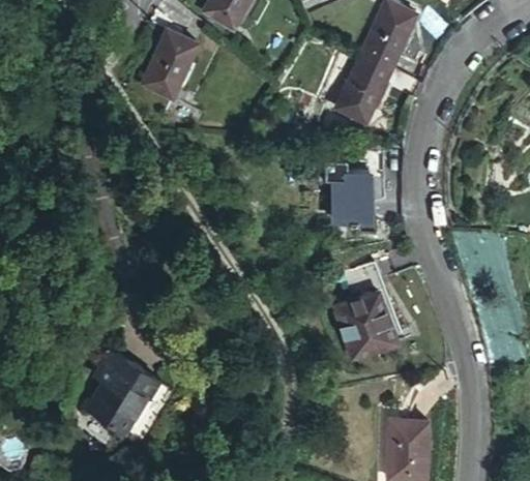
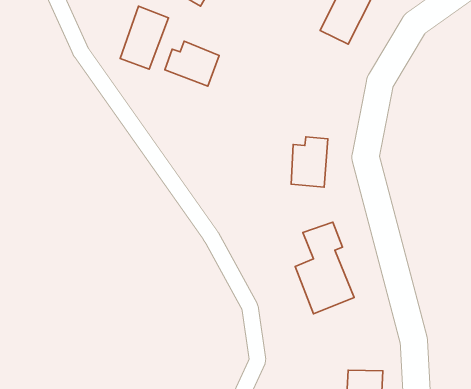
building: [334,56,391,123] -> none
building: none -> [165,41,219,86]
building: [87,353,159,430] -> none

